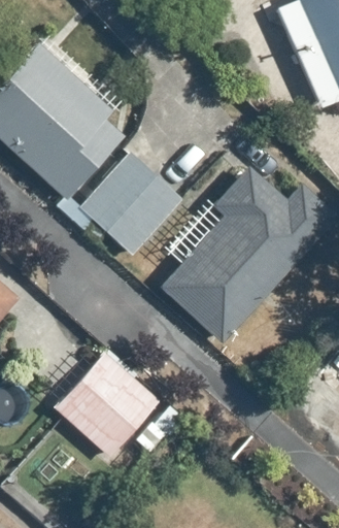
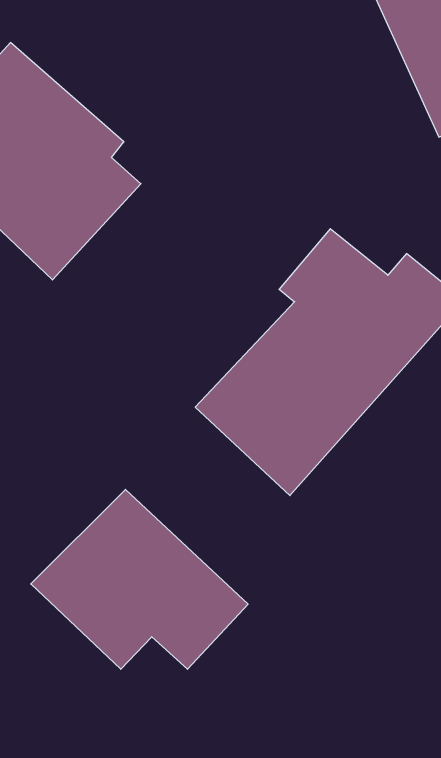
building: [82,148,190,256] -> none

